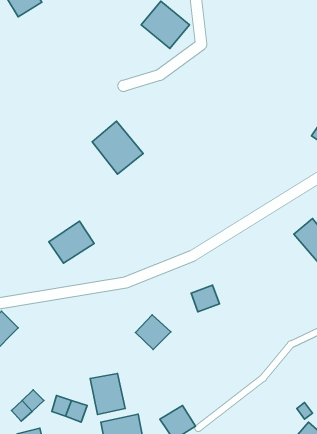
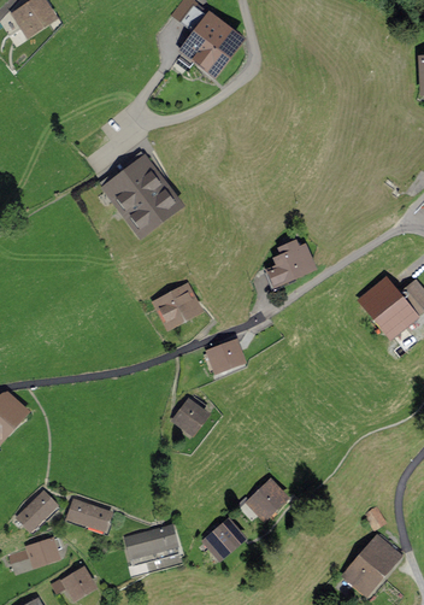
building: none -> [258,236,317,286]
building: [49,221,94,263] -> [148,281,204,333]
building: [191,285,220,312] -> [211,340,246,372]
building: [90,373,125,415] -> none
building: none -> [245,472,290,518]

